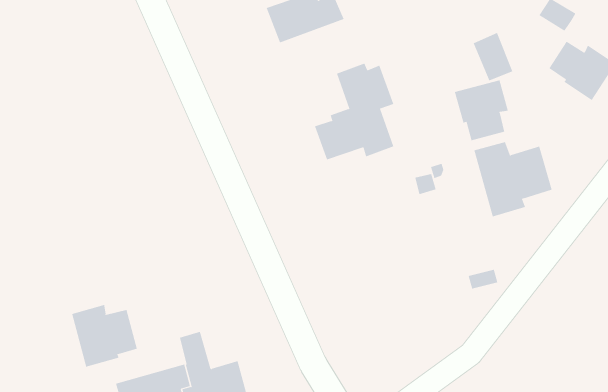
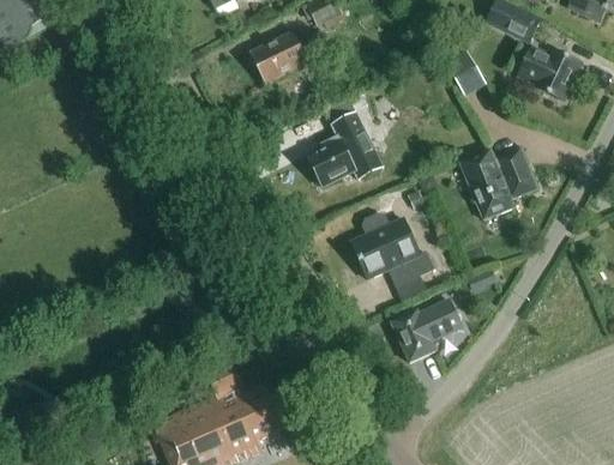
building: [454,80,509,141] -> none
building: none -> [350,213,433,286]
building: none -> [391,298,462,361]
building: [71,304,137,367] -> none

